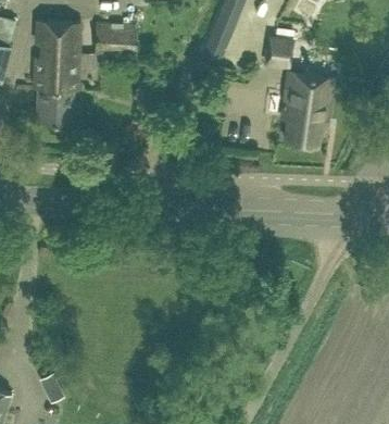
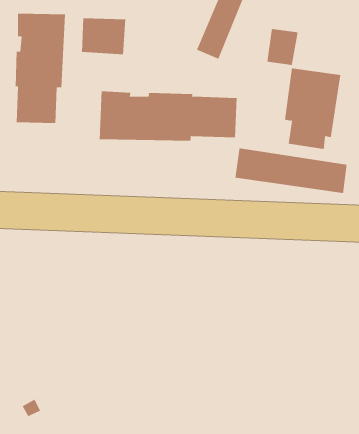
building: none -> [99,91,237,142]
building: none -> [235,147,347,194]

